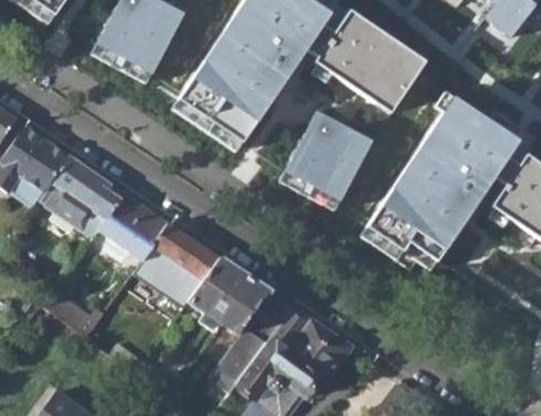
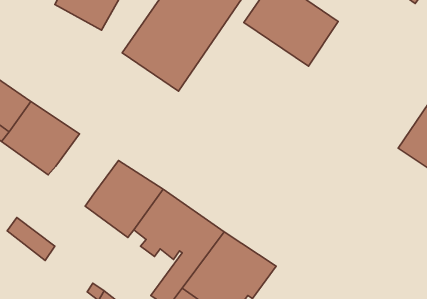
building: [368,99,519,270] -> none
building: [280,113,373,213] -> none
building: [90,192,171,261] -> none

